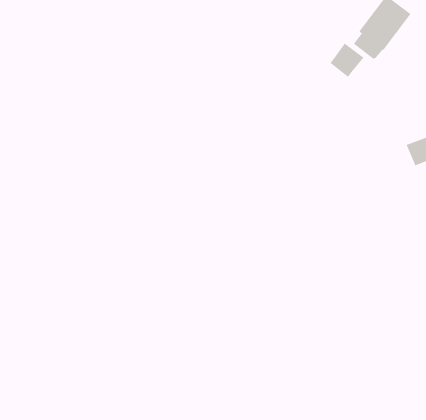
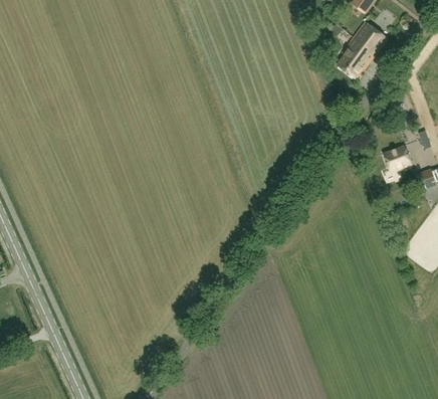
building: [329,43,364,78] -> none

